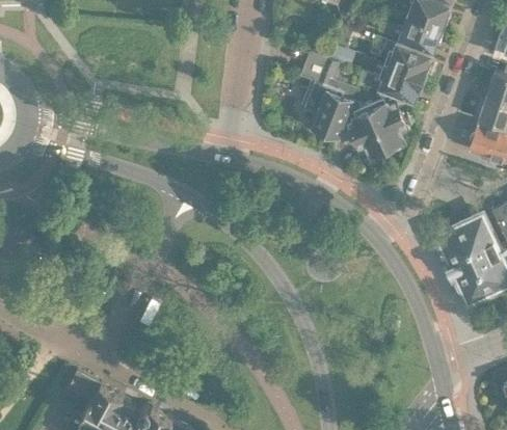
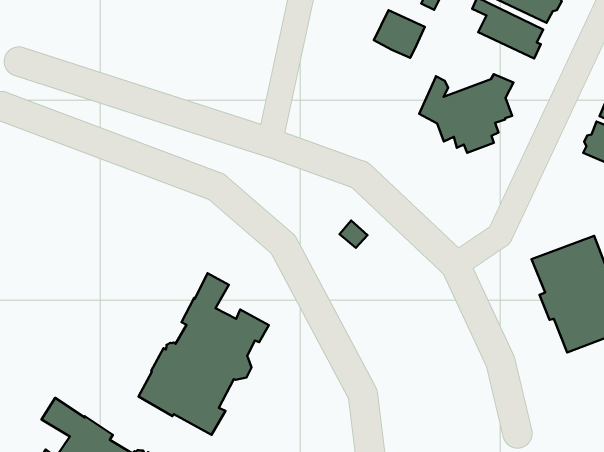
building: [357,64,425,102] -> none
building: [305,81,354,137] -> none
building: none -> [138,273,269,435]

